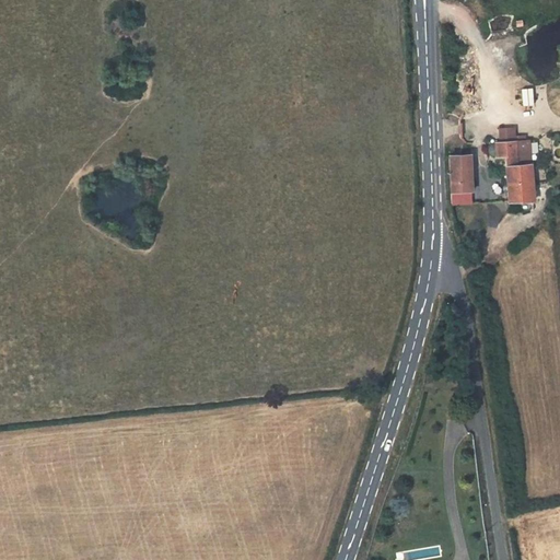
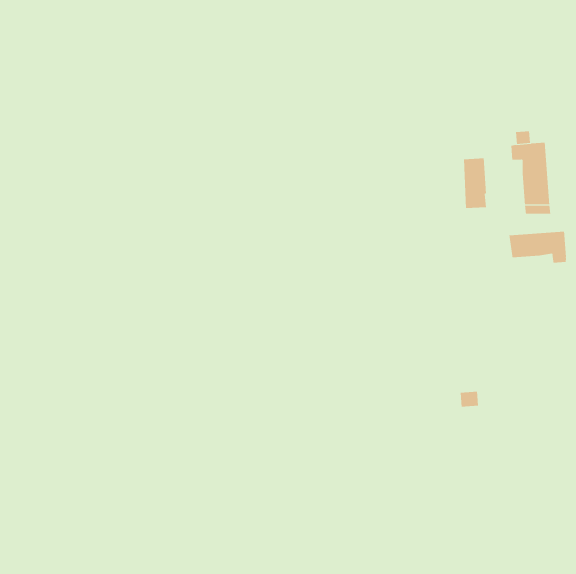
building: none -> [509,231,566,263]

